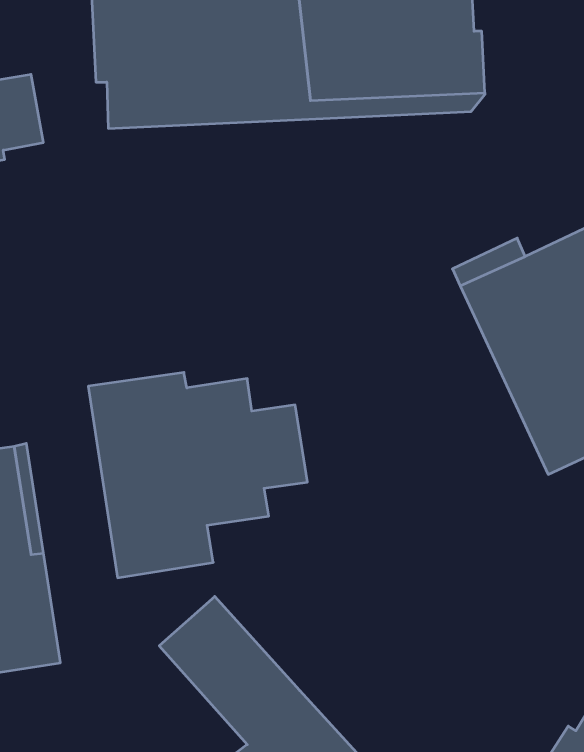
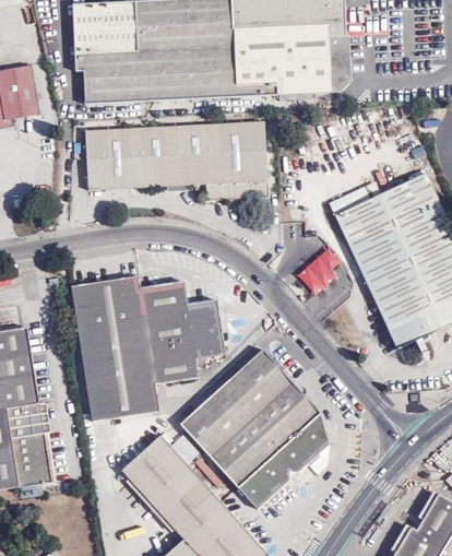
building: none -> [85,121,267,200]
building: none -> [179,348,329,509]

